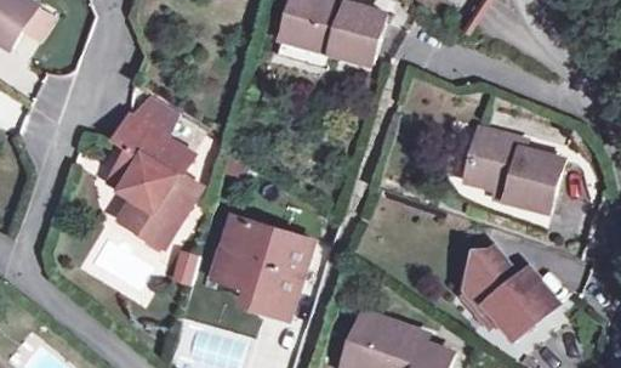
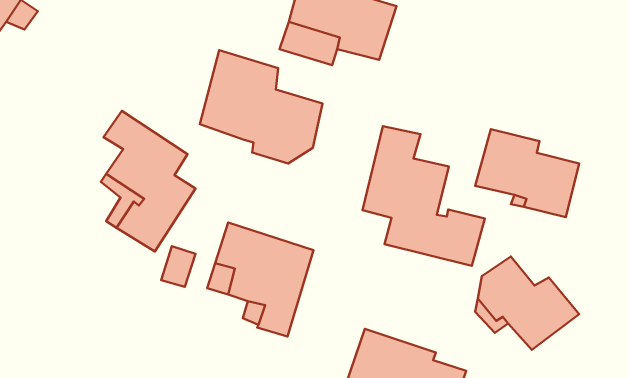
building: none -> [200,50,322,163]
building: none -> [363,126,485,266]

